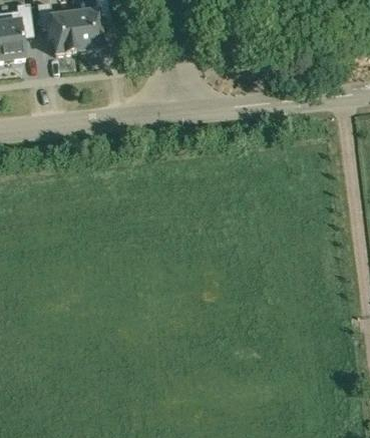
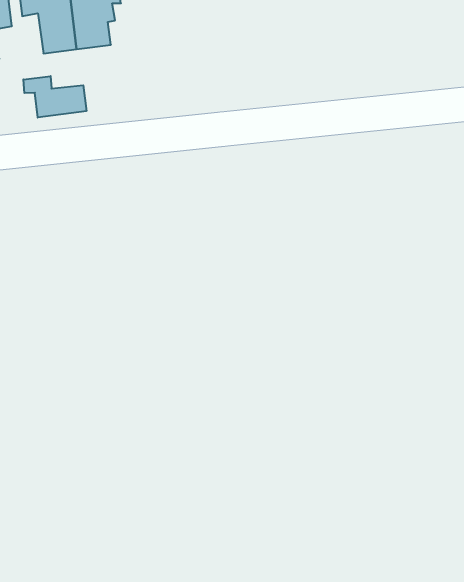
building: none -> [23,76,86,118]

